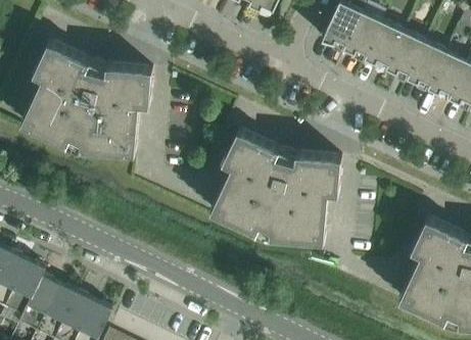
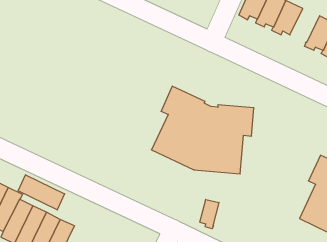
building: [385,32,425,75] -> none
building: [21,42,152,153] -> none
building: none -> [18,175,65,210]
building: none -> [200,199,219,229]

